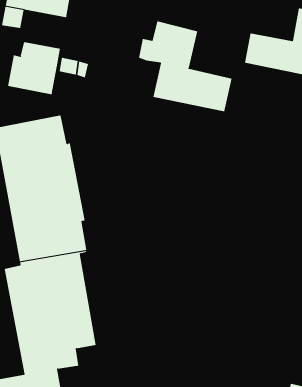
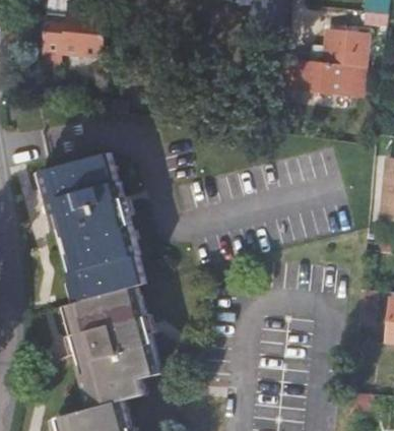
building: [138,20,232,112] -> none
building: [8,41,61,95] -> none

